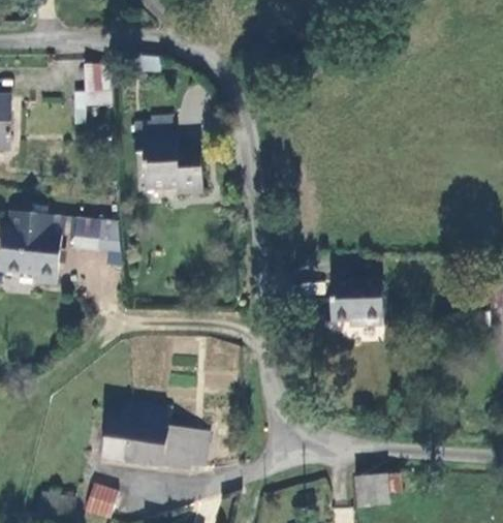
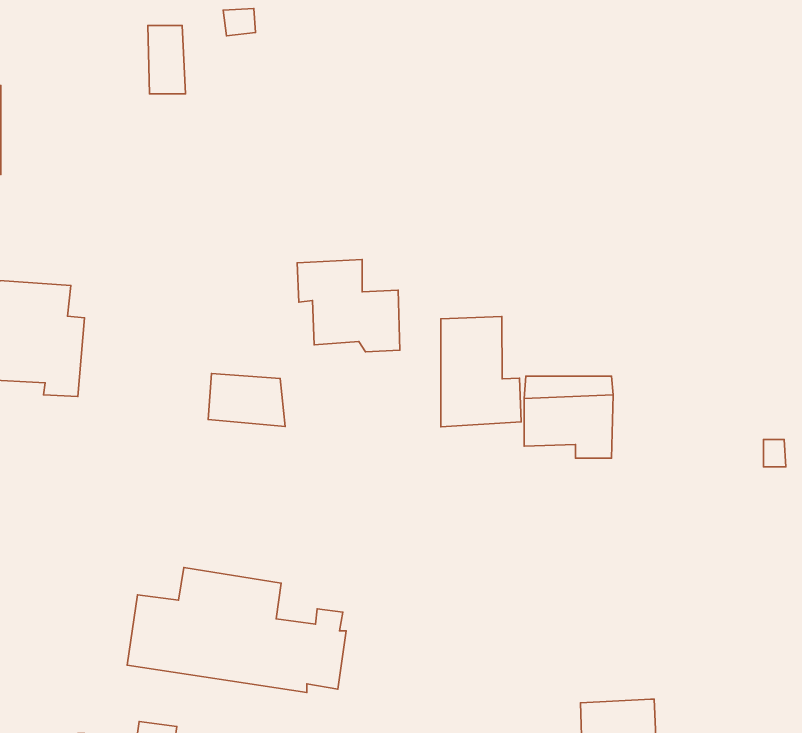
building: [138,134,200,190] -> [297,259,400,352]
building: [71,224,118,256] -> [208,373,285,426]
building: none -> [441,316,521,427]

